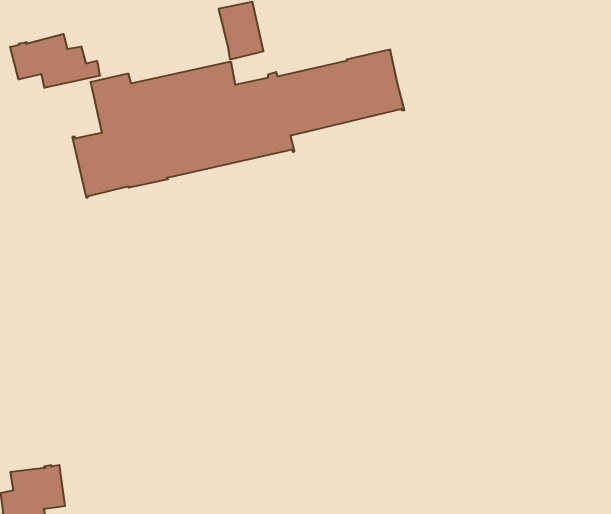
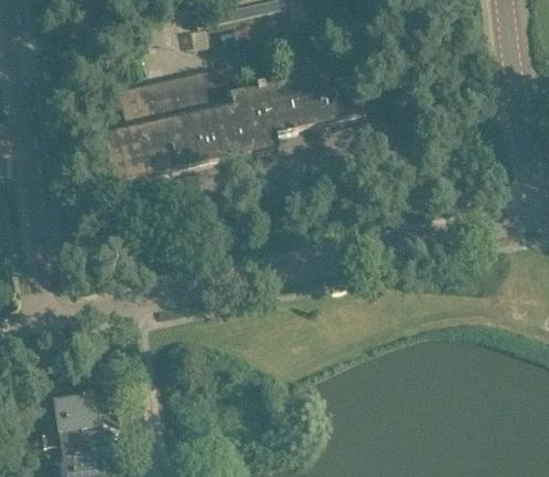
building: [10,34,100,88] -> none

